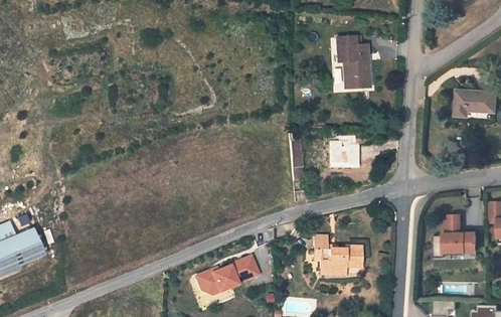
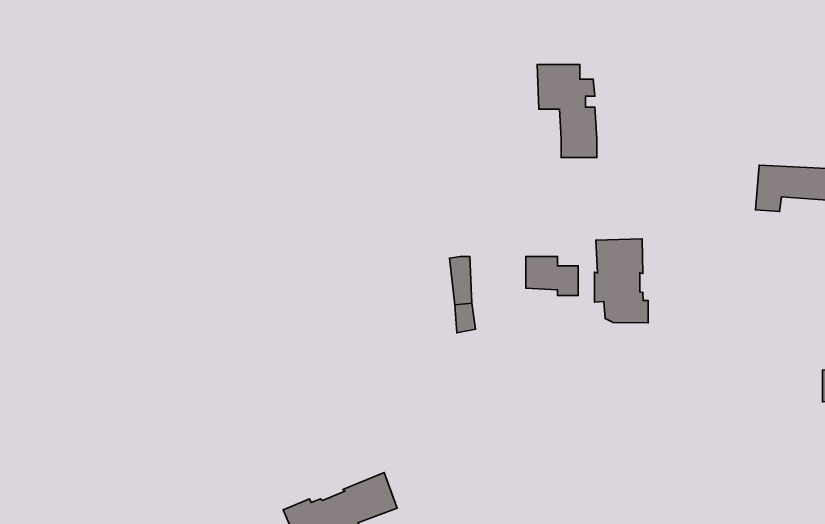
building: none -> [595,239,648,323]
building: [434,214,478,257] -> none
building: [315,236,361,271] -> none

